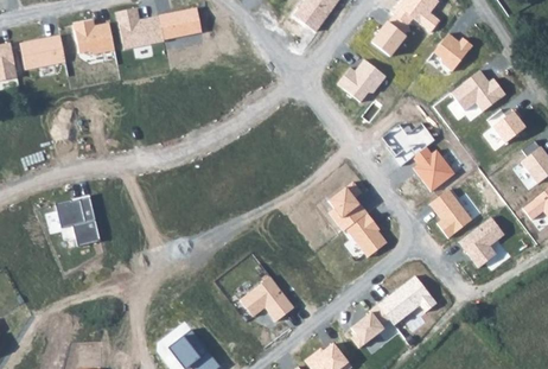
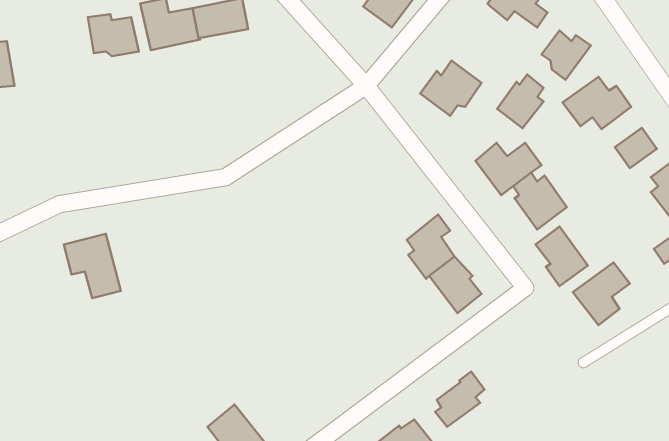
building: [370,14,407,57] -> [497,74,543,128]
building: [20,34,65,69] -> none
building: [378,274,437,324] -> none
building: [240,275,294,322] -> none

